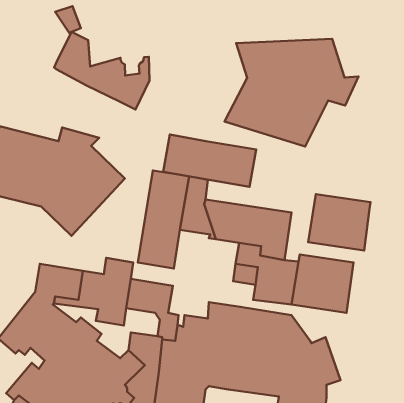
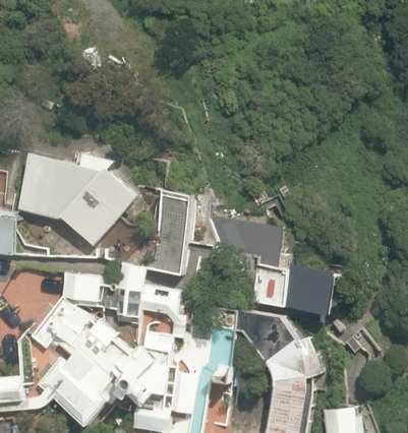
building: [54,32,150,109] -> none
building: [224,39,359,146] -> none
building: [163,135,256,187] -> none
building: [308,194,371,250] -> none

